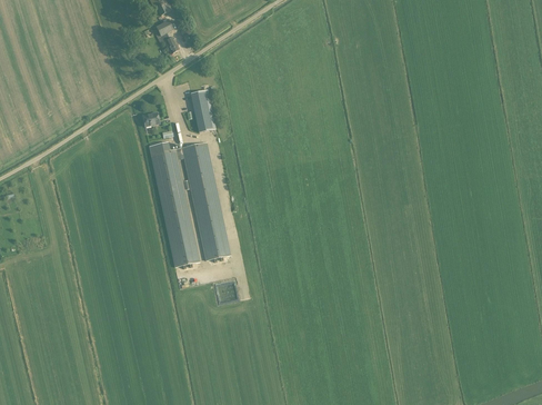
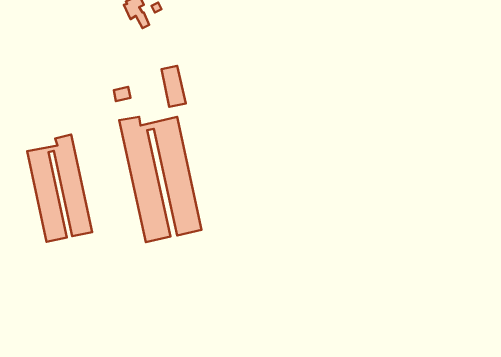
building: none -> [27,134,92,242]

